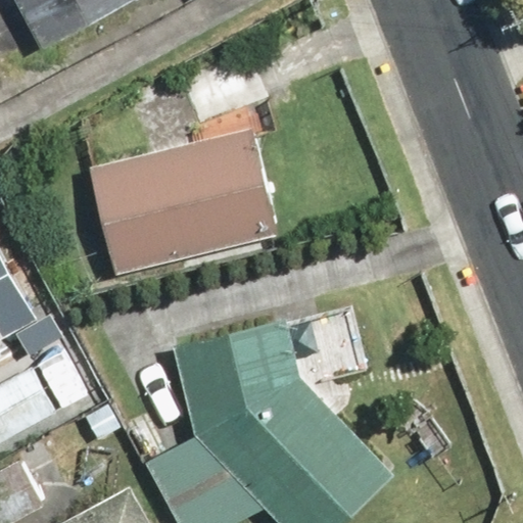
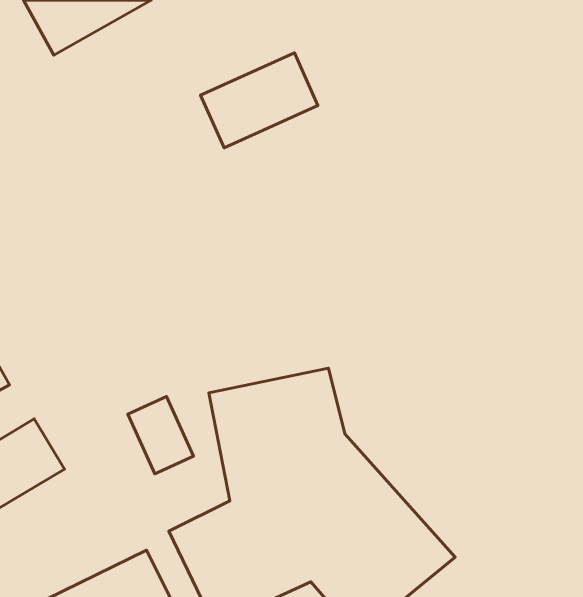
building: [84,130,283,270] -> none

